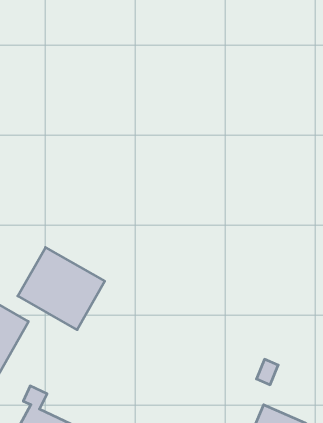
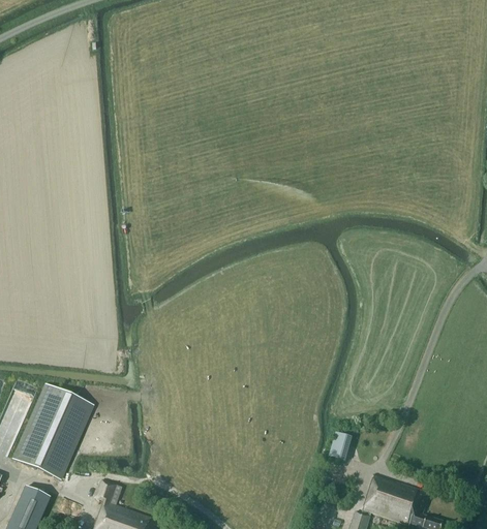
building: [18,247,105,330] -> none
building: [256,359,278,385] -> [330,433,354,462]

